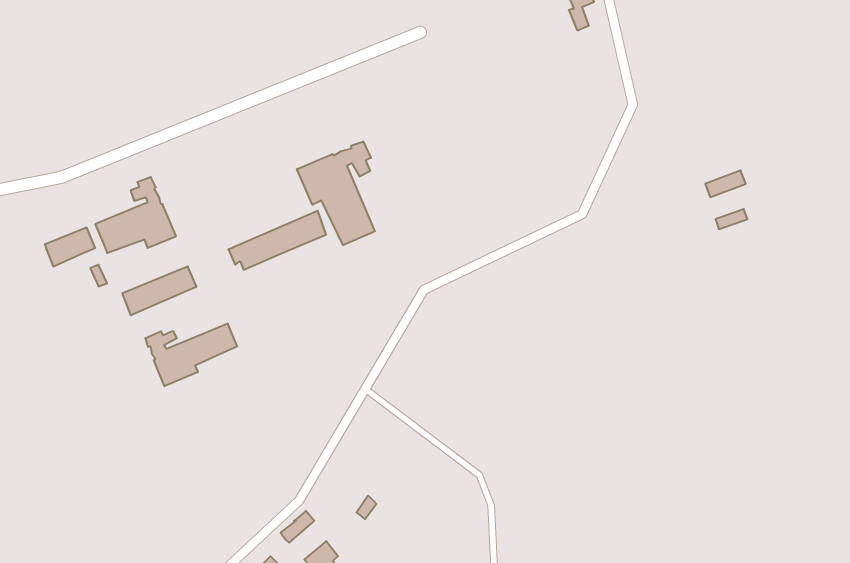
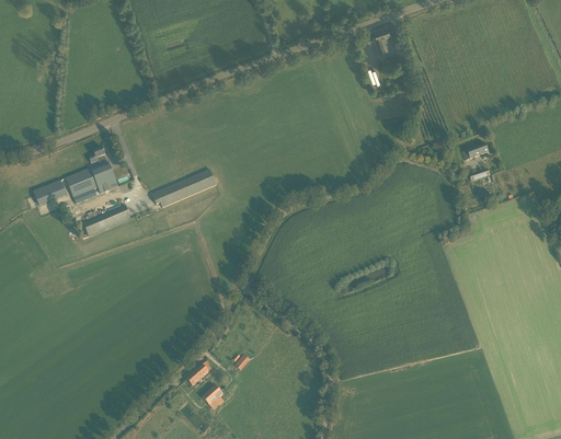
building: [297,141,375,245] -> none
building: [145,323,237,386] -> none

